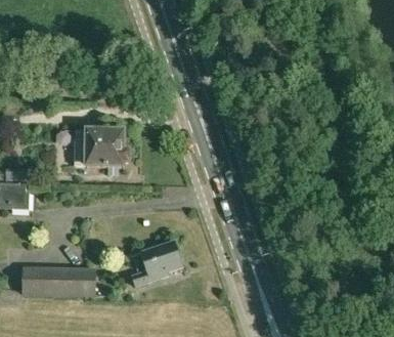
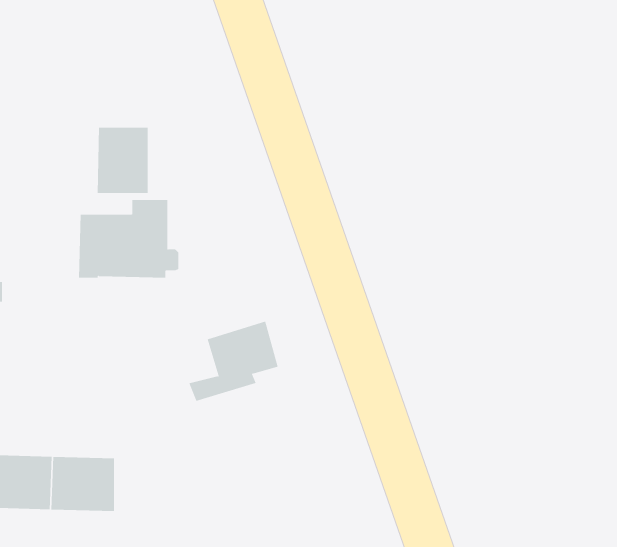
building: none -> [97,127,148,194]
building: [131,242,181,287] -> [189,321,279,402]

